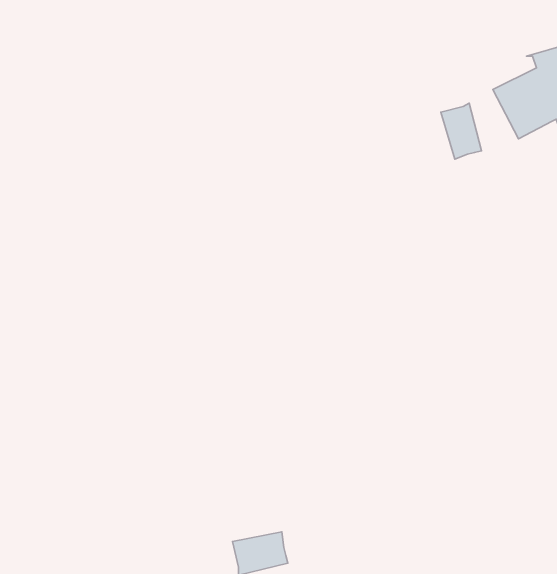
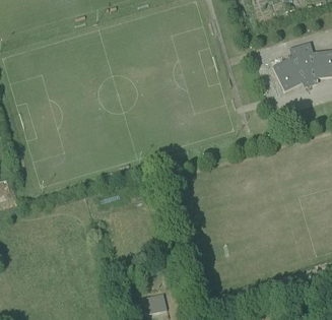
building: [441,103,481,159] -> none

